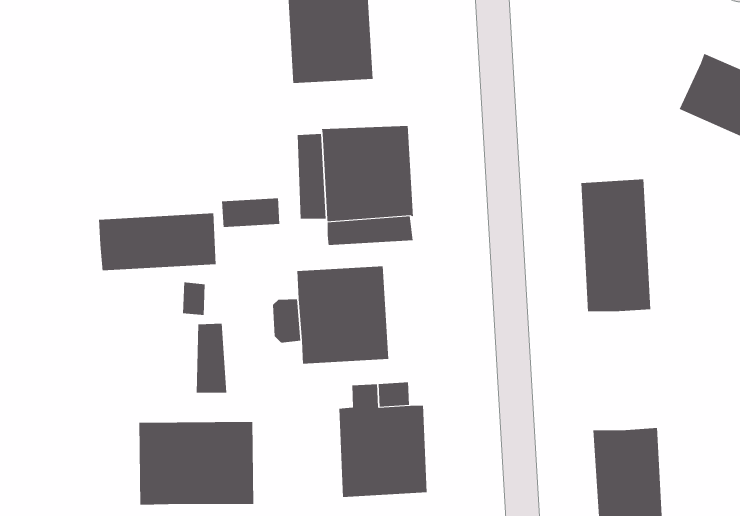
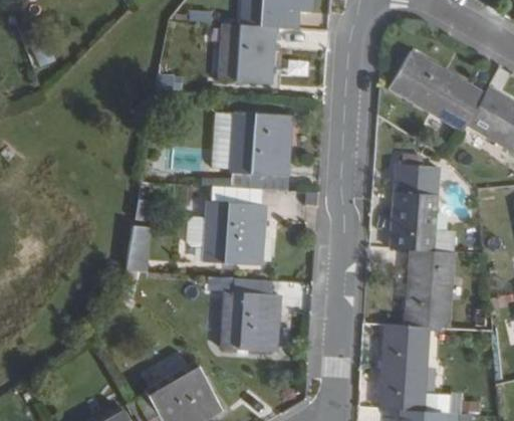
building: none -> [391,53,483,131]
building: [99,213,216,271] -> none
building: none -> [409,249,454,328]
building: [139,421,254,506] -> none

